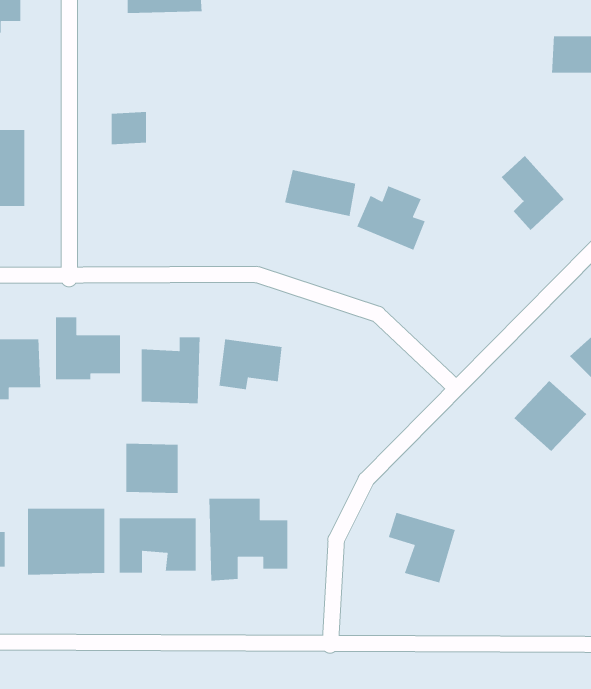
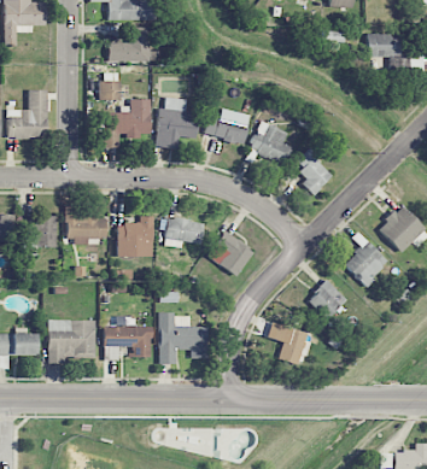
building: none -> [110,27,151,61]
building: none -> [157,98,199,148]
building: none -> [104,99,152,147]
building: [501,155,565,231] -> [296,150,334,195]
building: none -> [207,231,253,276]
building: [126,443,178,494] -> none
building: none -> [308,281,346,319]

